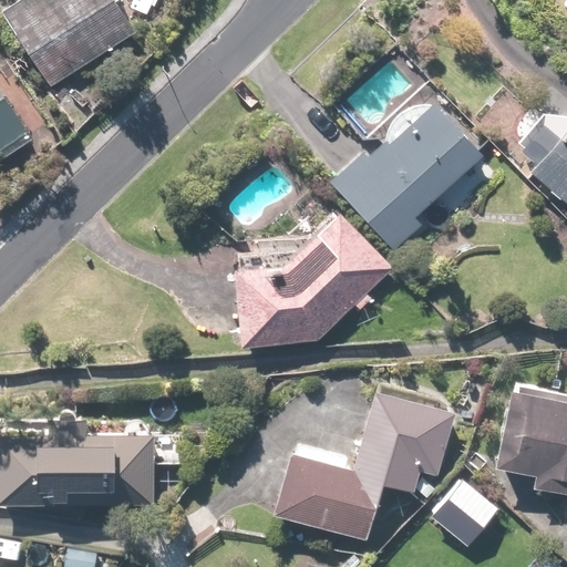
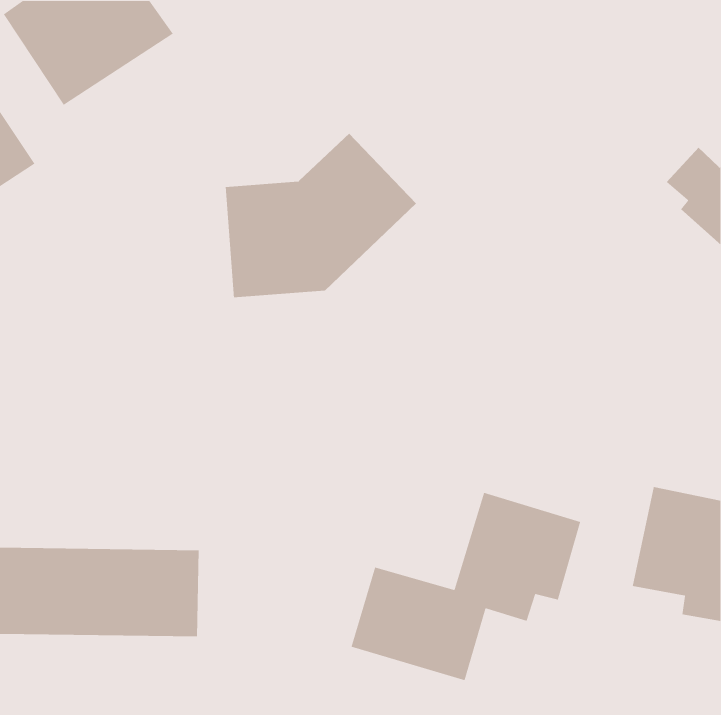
building: [332,101,485,251] -> none
building: [240,215,391,344] -> [225,133,417,298]
building: [416,482,496,545] -> none

